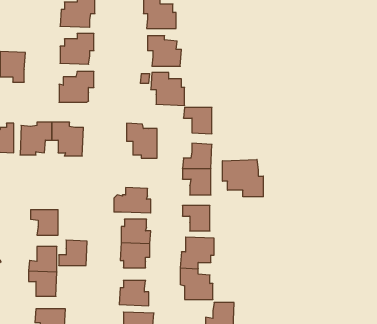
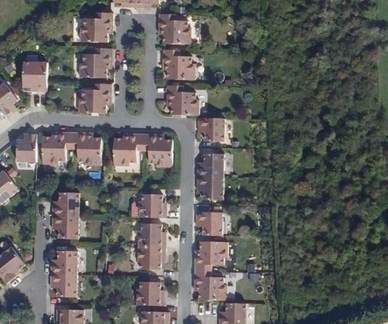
building: none -> [111,133,142,165]
building: [223,159,263,197] -> none
building: [59,240,87,265] -> [51,191,78,215]

